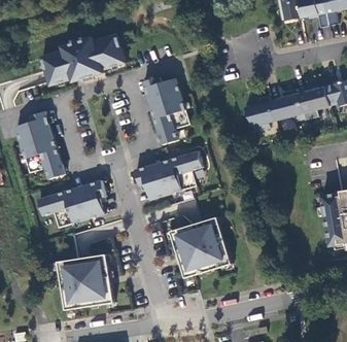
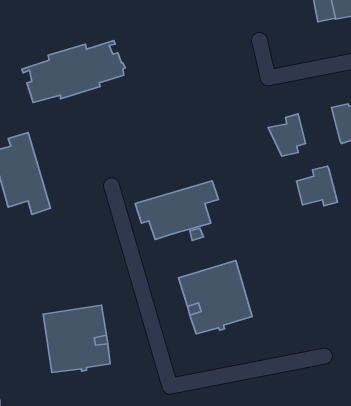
building: [142,77,189,145] -> none
building: [270,89,304,122] -> [296,166,337,206]
building: [38,180,106,228] -> none

